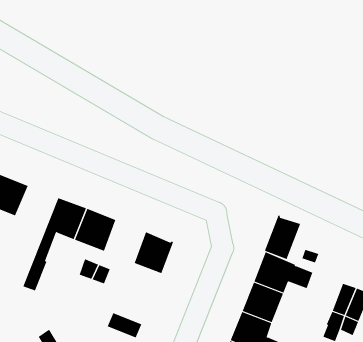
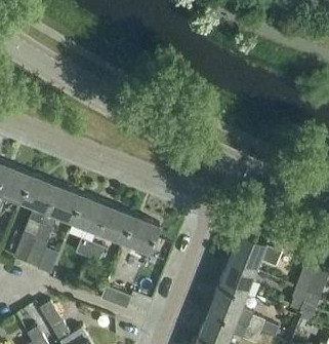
building: none -> [14,177,57,265]
building: [264,215,301,260] -> none
building: none -> [98,206,134,244]

